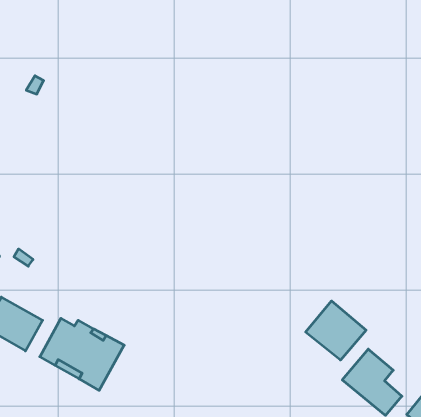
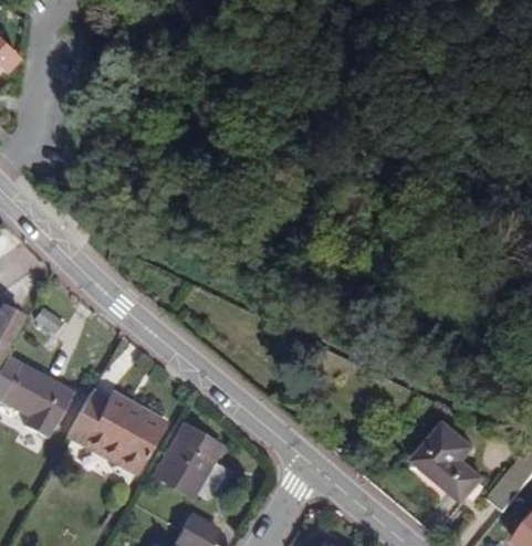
building: [306,301,366,360] -> none
building: none -> [152,424,222,496]

